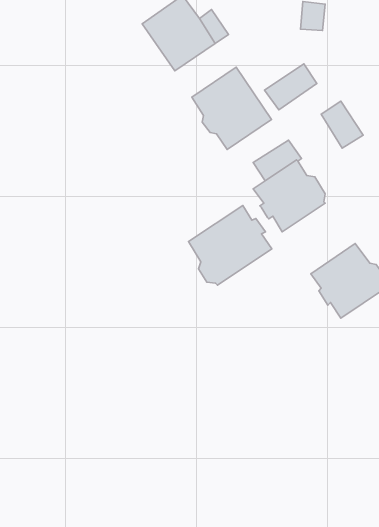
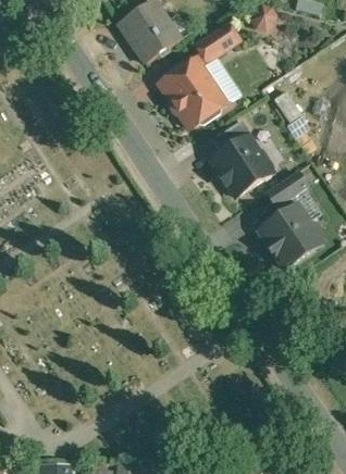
building: [265,64,317,110] -> [196,23,239,61]
building: none -> [267,171,308,208]
building: [188,205,272,285] -> none

